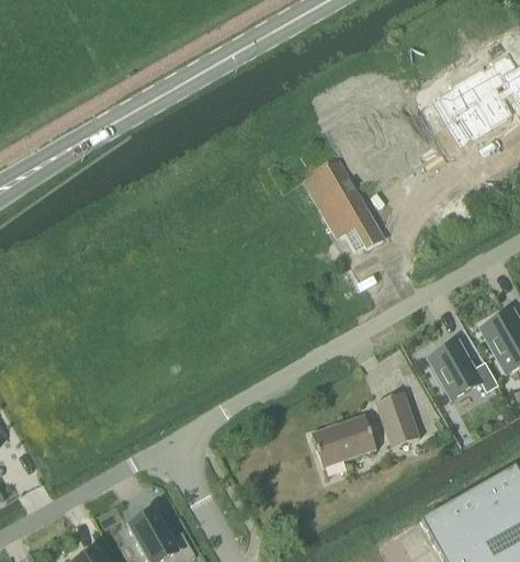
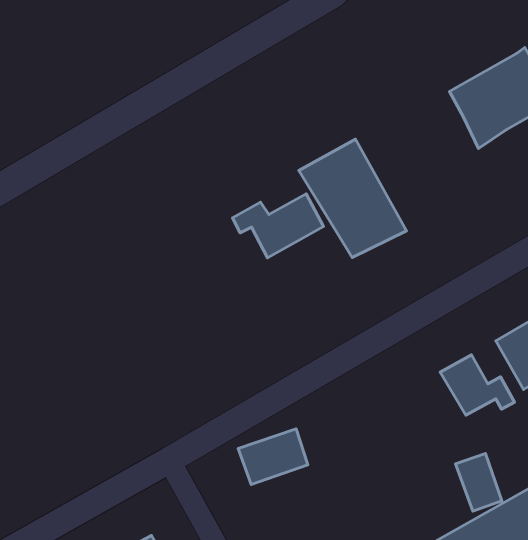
building: none -> [233,194,324,258]
building: [375,393,419,448] -> [455,453,502,511]
building: [309,416,375,469] -> [238,429,308,484]

